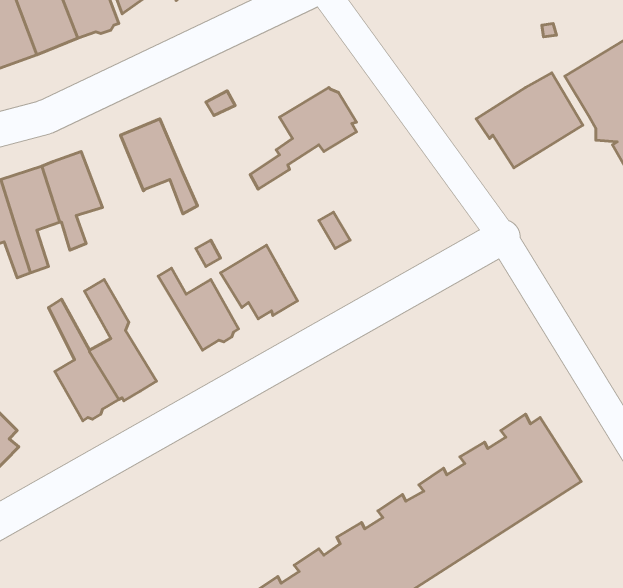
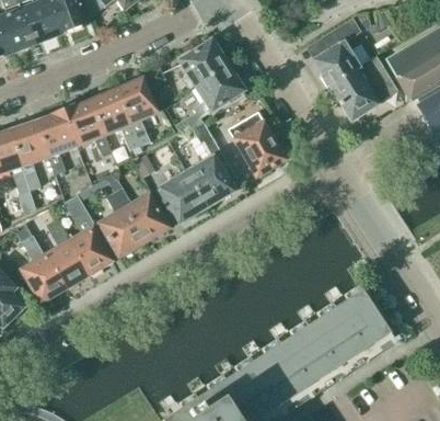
building: none -> [313,16,361,87]
building: none -> [177,39,228,88]
building: none -> [115,77,158,145]
building: none -> [224,95,285,175]
building: none -> [62,98,112,156]
building: none -> [186,133,231,208]
building: none -> [100,192,143,255]
building: none -> [21,234,63,303]

